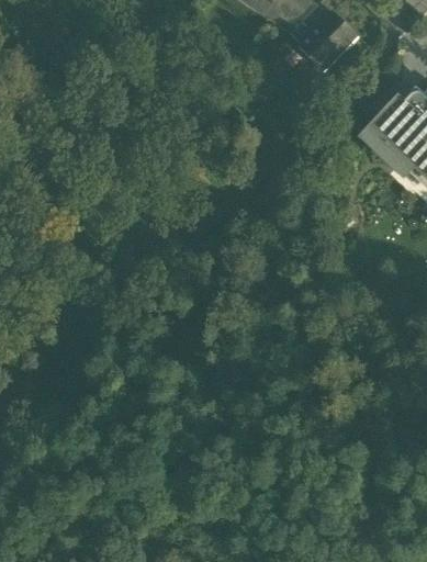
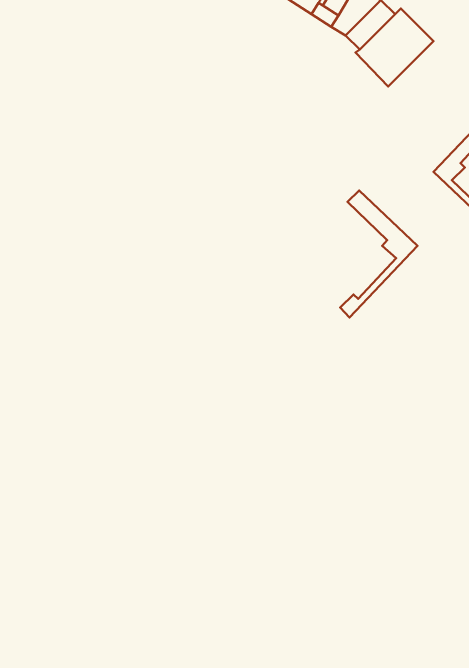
building: none -> [340,191,417,318]

